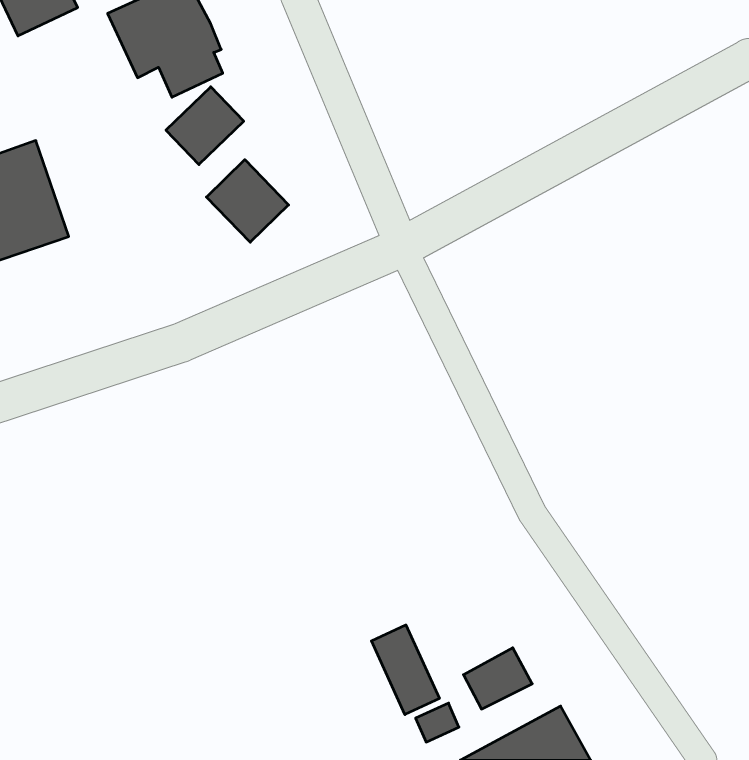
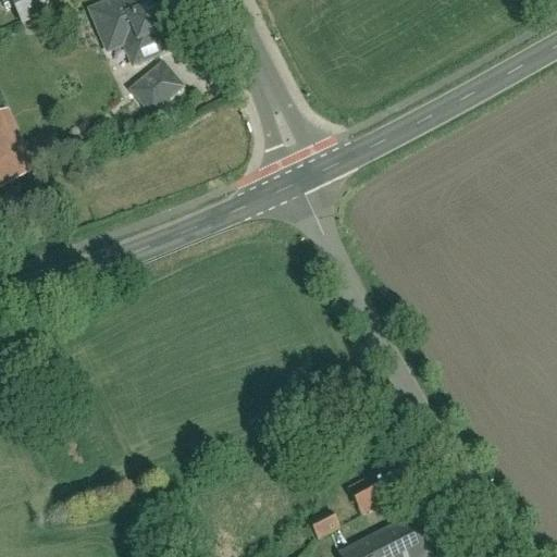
building: [206,160,289,242] -> none
building: [371,625,439,715] -> none

